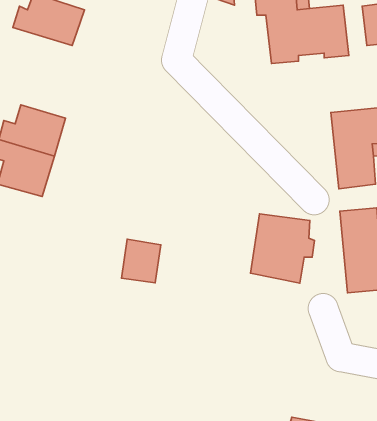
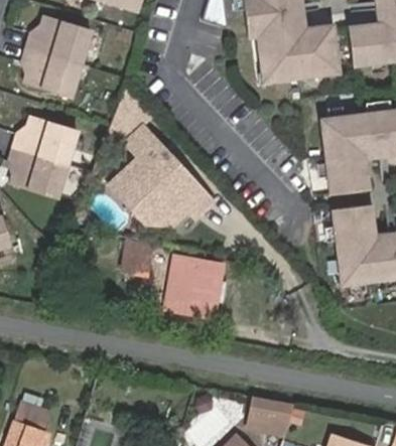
building: none -> [24,47,82,94]
building: none -> [109,130,209,220]
building: [251,214,314,283] -> [172,255,230,317]

